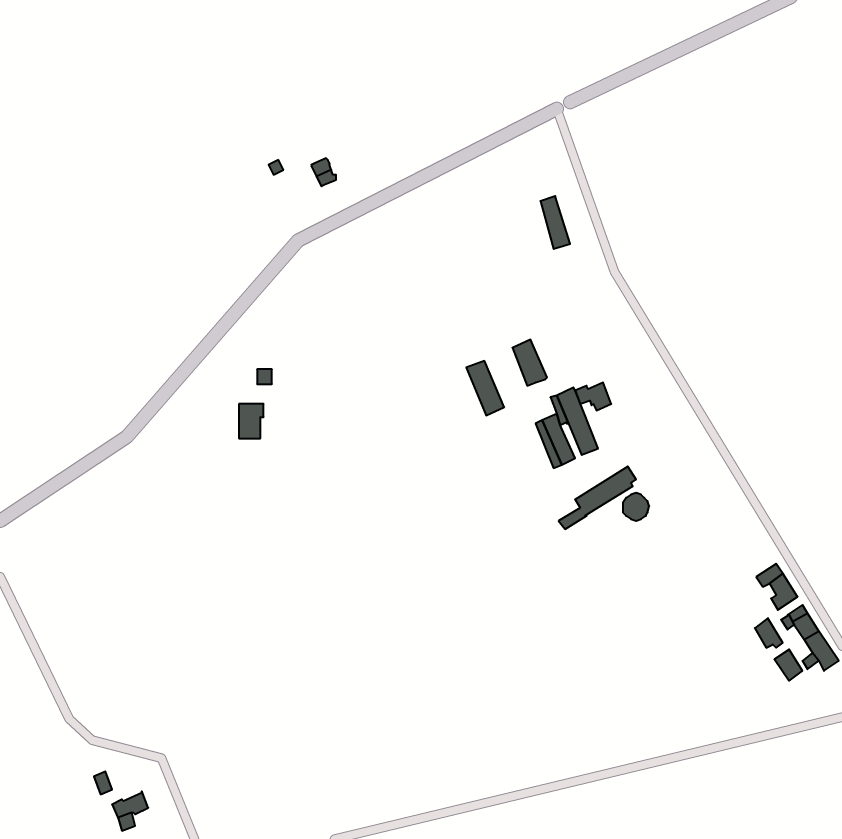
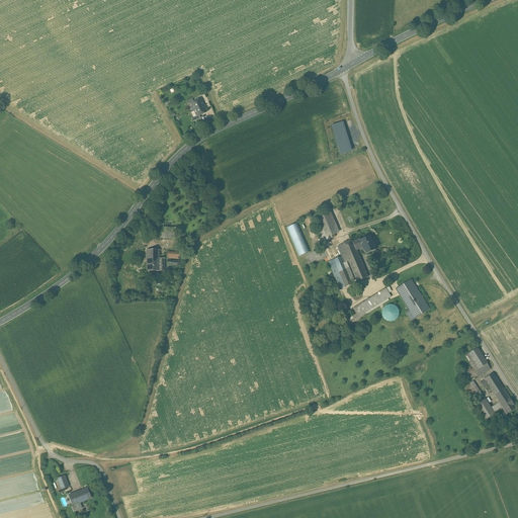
building: none -> [396,278,429,319]

